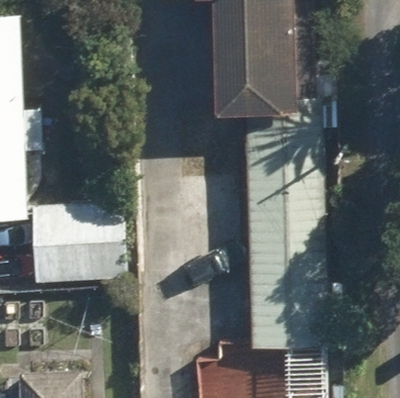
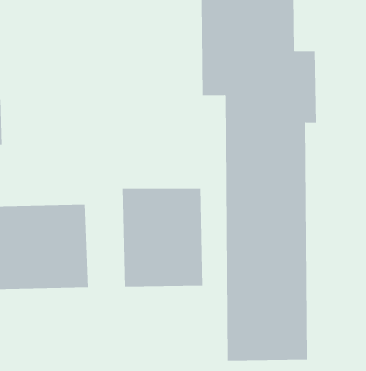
building: none -> [122,188,203,288]

